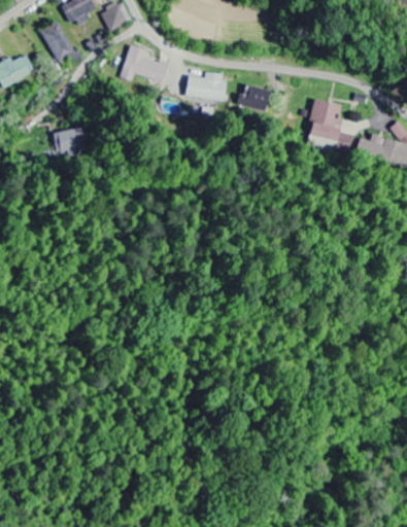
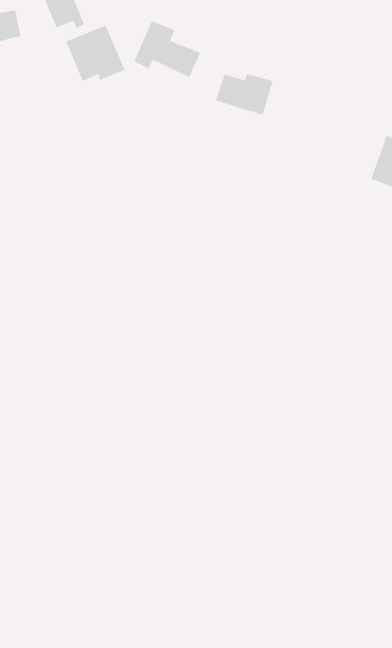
building: none -> [65,25,125,82]
building: [242,85,269,109] -> none
building: [60,128,86,156] -> none

